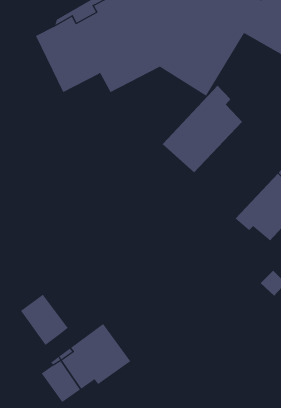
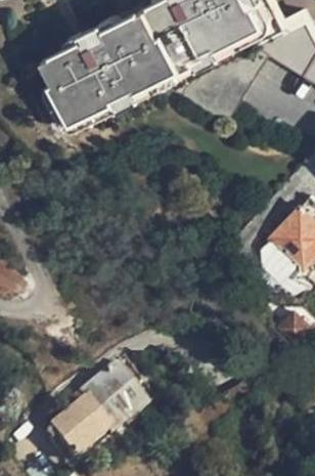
building: [162,85,243,173] -> none
building: [20,294,69,346] -> none

